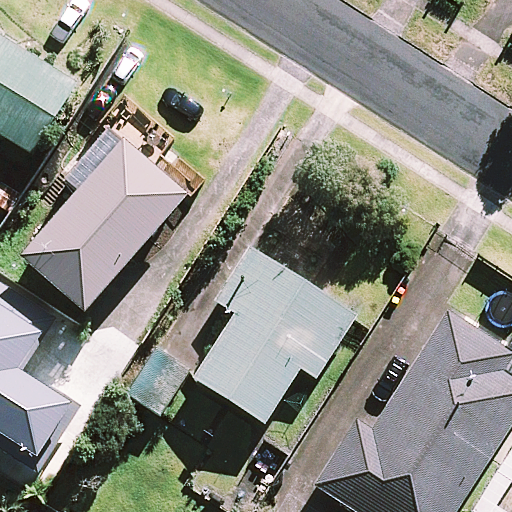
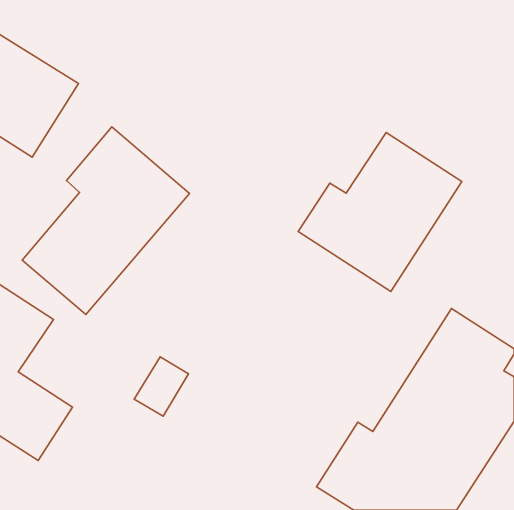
building: none -> [298,132,462,291]
building: [194,247,355,422] -> none

